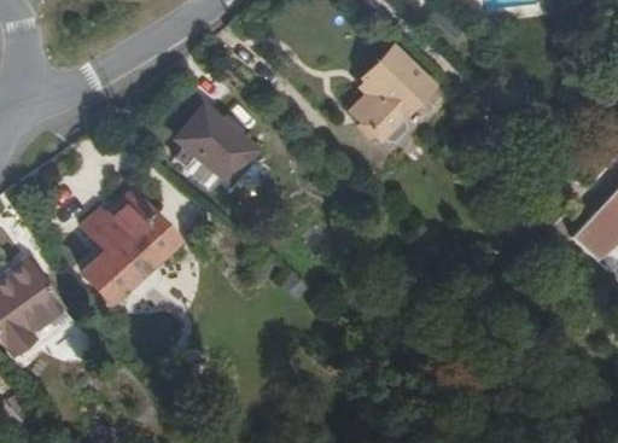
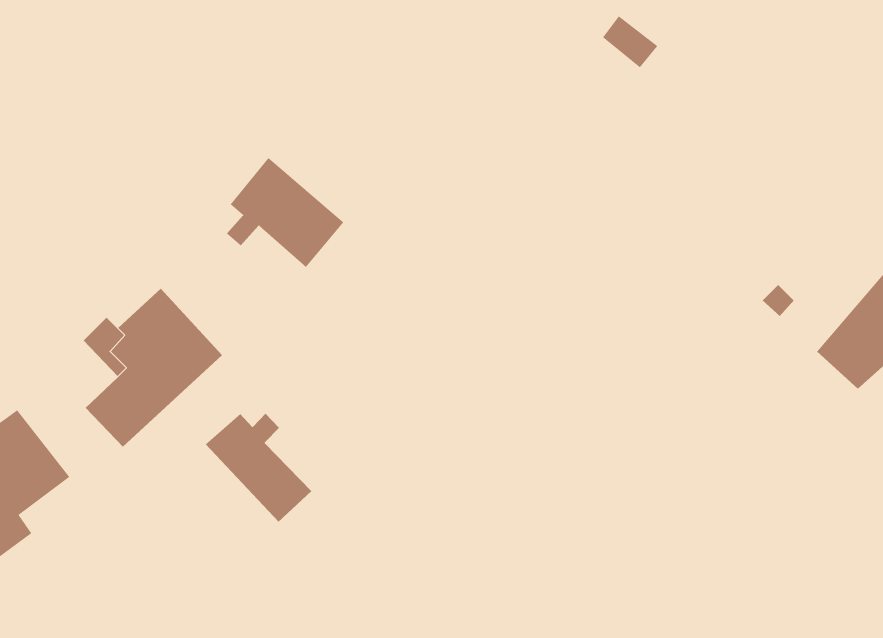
building: [357,43,438,140] -> none
building: none -> [205,413,312,523]

